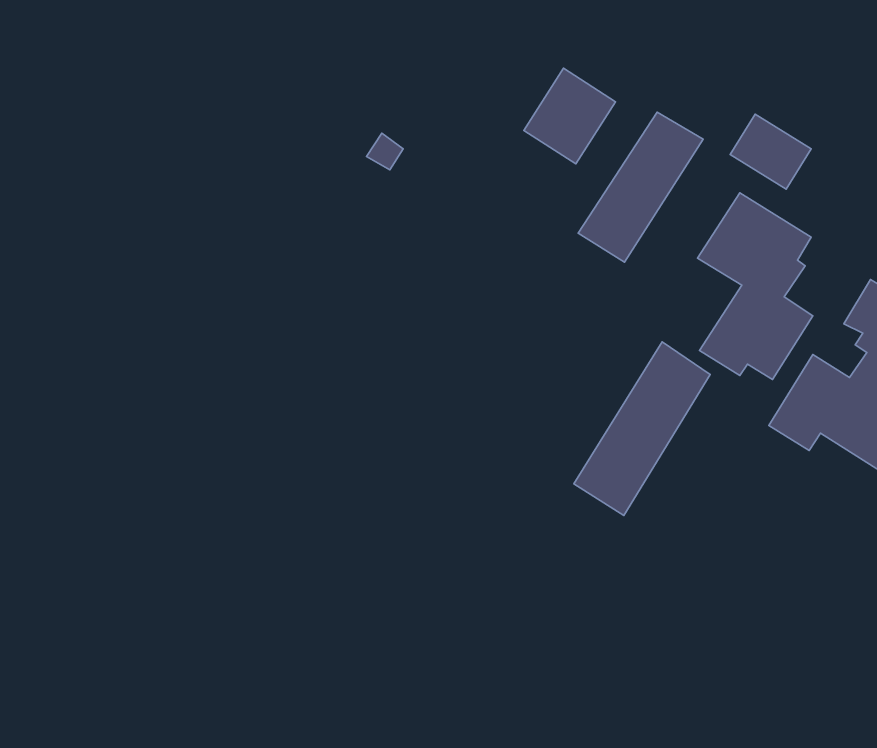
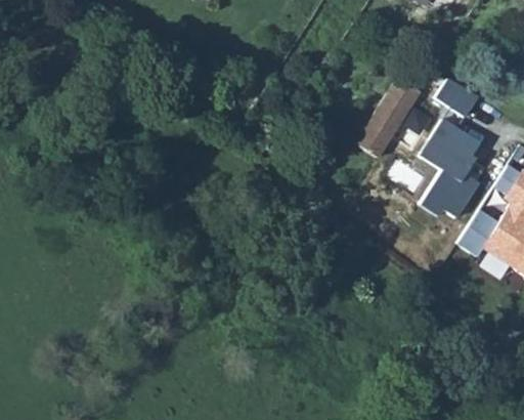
building: [524,68,615,164] -> none
building: [574,342,710,516] -> none

